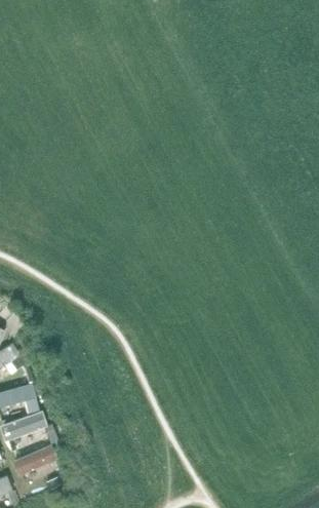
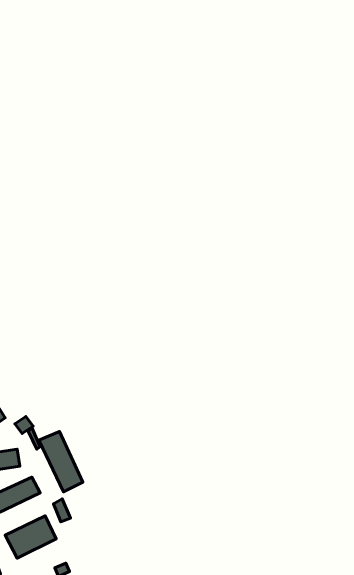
building: none -> [39,432,83,492]

